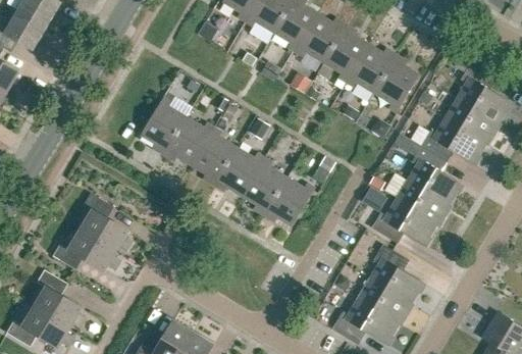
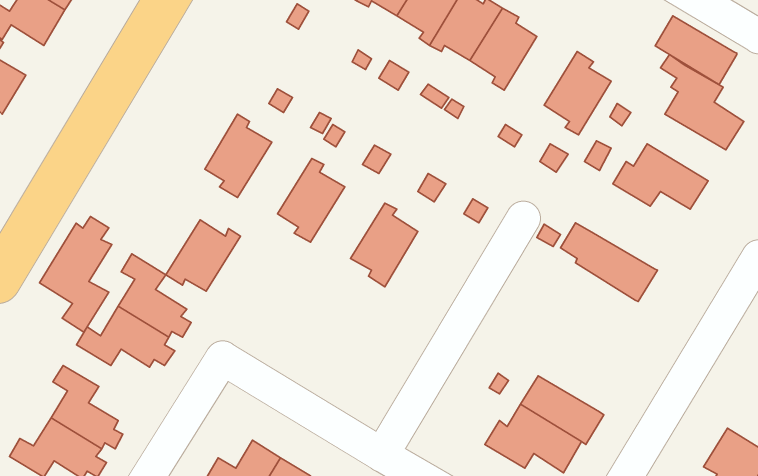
building: [346,45,396,92] -> none
building: [443,98,500,145] -> [655,16,737,84]
building: [163,117,214,166] -> [166,220,240,291]
building: [407,146,460,204] -> none
building: [213,148,264,197] -> none
building: none -> [39,216,112,332]
building: [264,179,315,227] -> none
building: [370,200,435,245] -> none
building: [369,244,422,302] -> none

